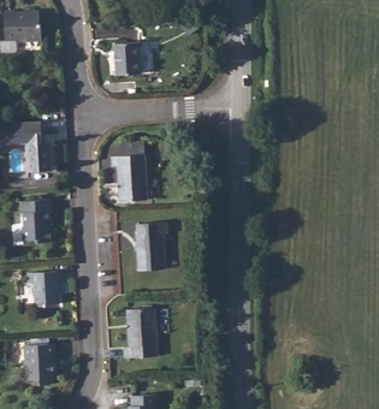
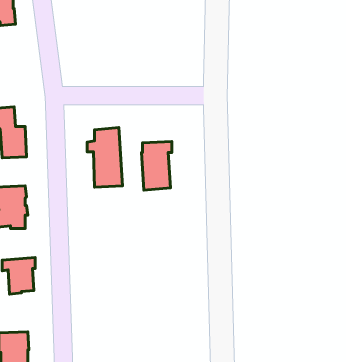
building: [114,42,138,75] -> none
building: [136,223,166,271] -> [141,142,172,190]
building: [124,308,156,357] -> none

